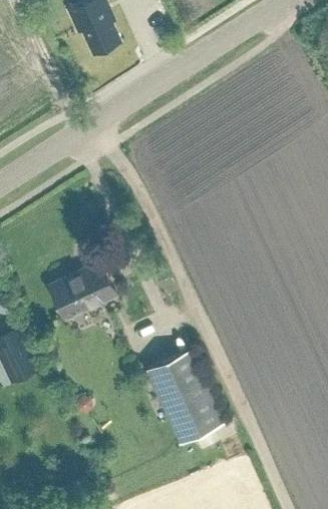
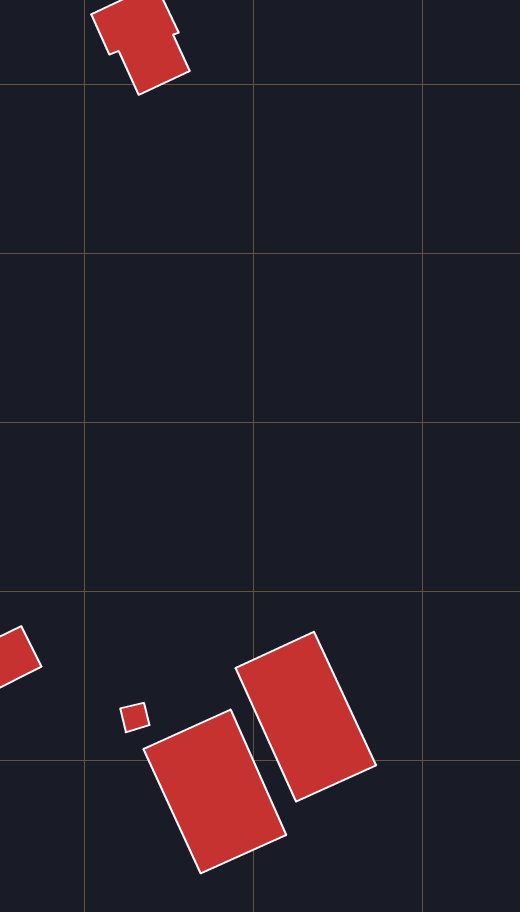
building: [49,263,115,321] -> none
building: none -> [144,709,286,873]

